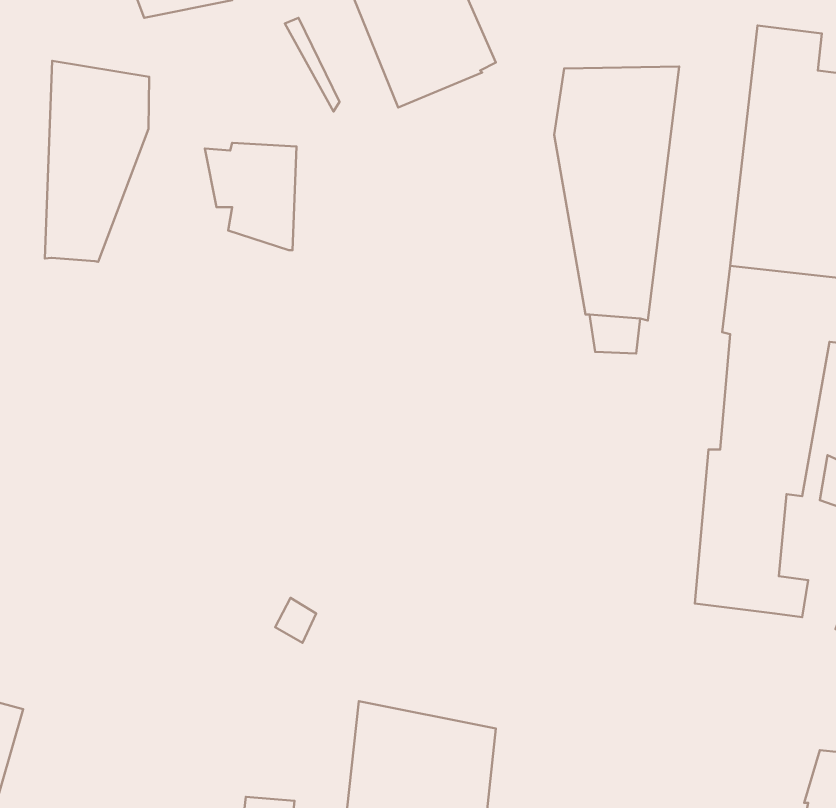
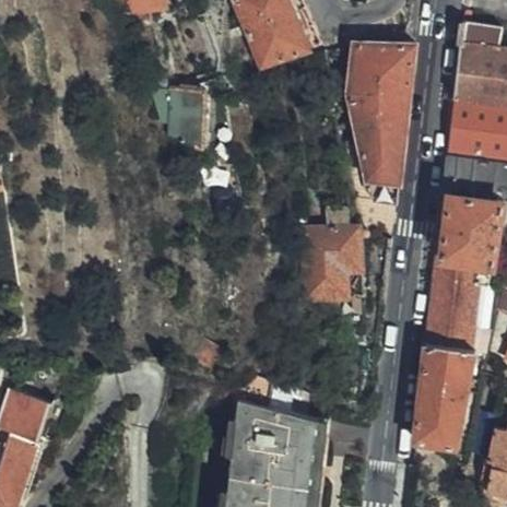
building: [45,61,149,262] -> none
building: none -> [296,208,362,302]
building: none -> [416,345,472,448]

